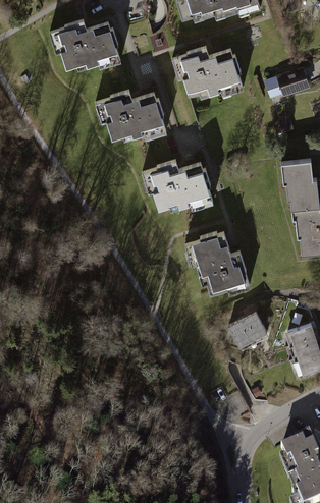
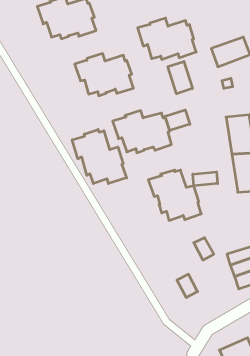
building: none -> [168,61,192,94]
building: none -> [165,110,190,131]
building: none -> [72,129,127,184]
building: none -> [193,172,218,186]
building: [228,321,254,349] -> [177,274,198,297]

